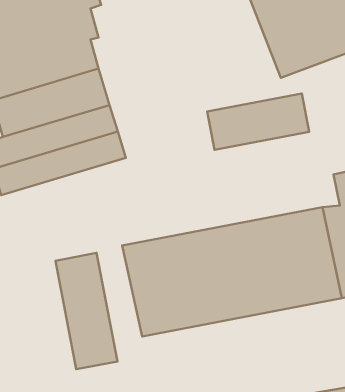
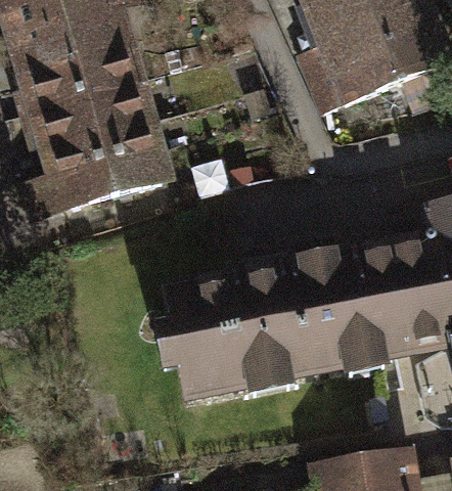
building: [207,93,309,150] -> none
building: [56,253,117,369] -> none

